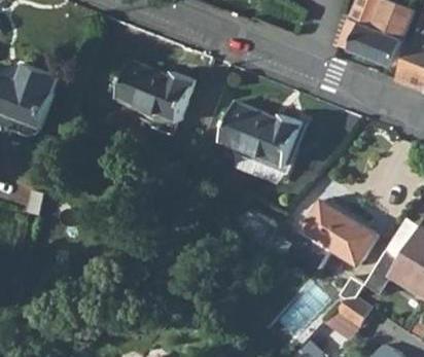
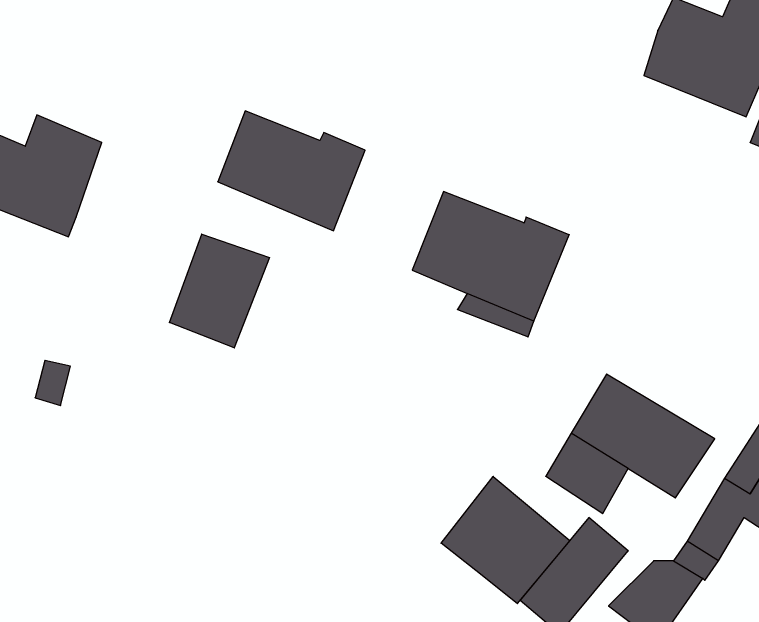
building: none -> [169,234,269,348]
building: none -> [441,476,570,604]

